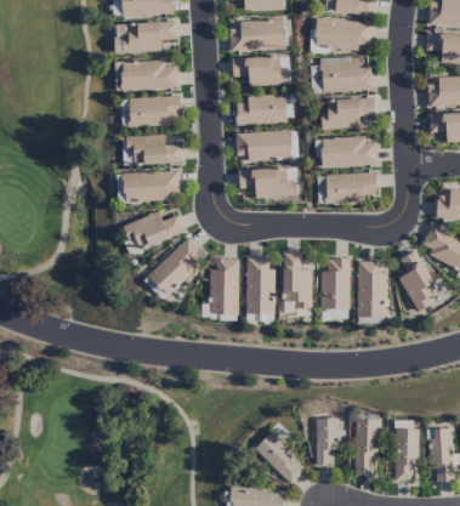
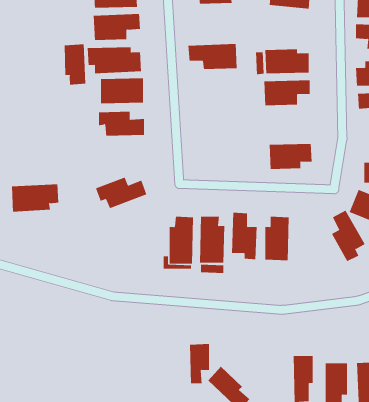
building: [314,17,373,50] -> none
building: [231,19,285,50] -> none
building: none -> [64,43,86,85]
building: [237,93,288,125] -> none
building: [235,130,293,160] -> none
building: [322,136,377,166] -> none
building: [239,167,296,198] -> none
building: [124,170,180,203] -> [11,184,59,212]
building: [149,237,208,295] -> none
building: [357,261,387,317] -> none
building: [316,417,340,465] -> [189,343,210,384]

